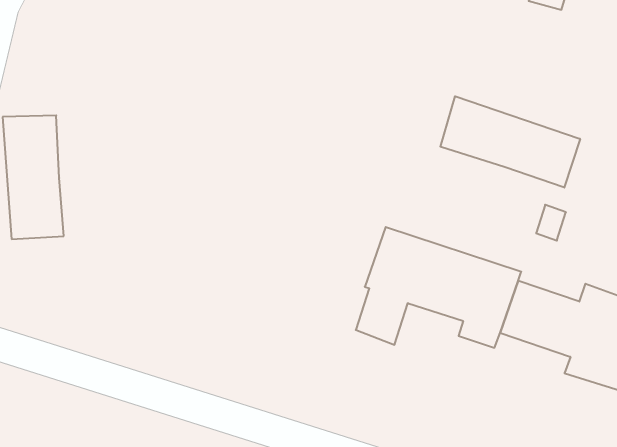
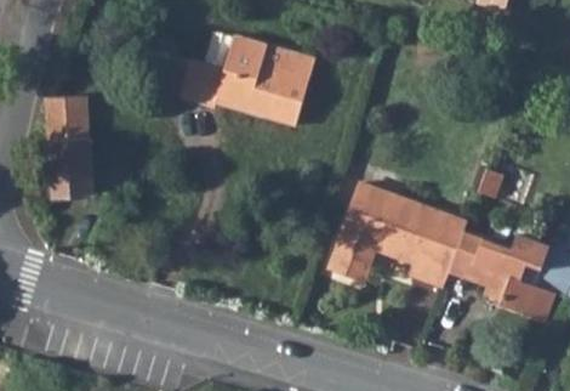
building: none -> [158,36,312,128]
building: [440,96,580,188] -> none

